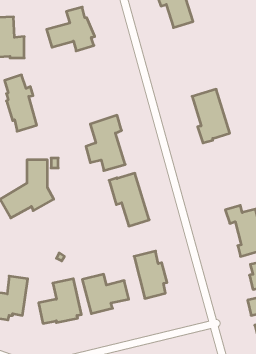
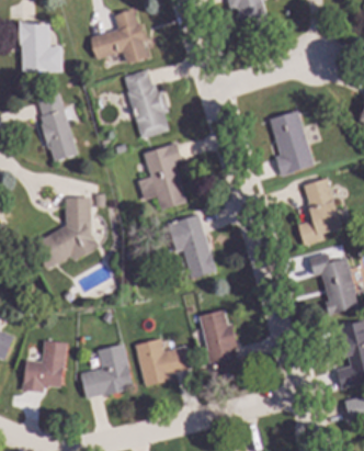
building: none -> [124,70,169,139]
building: none -> [297,178,342,246]

